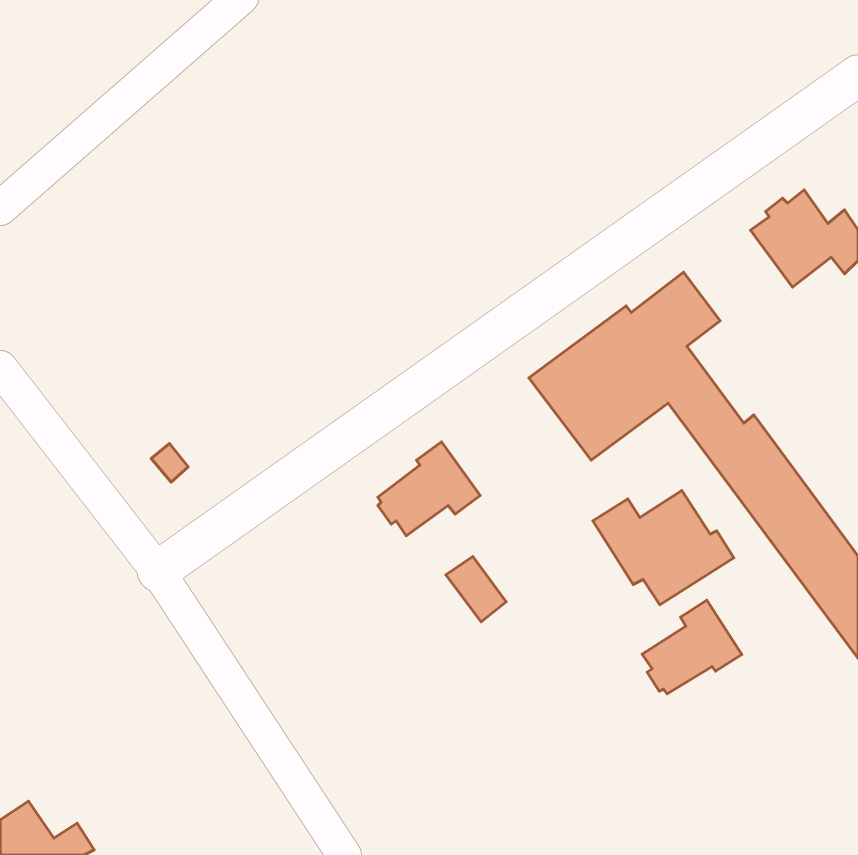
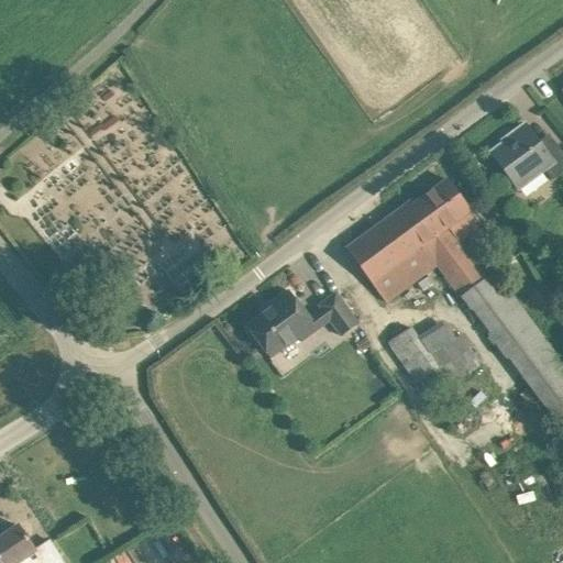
building: [446,556,506,622] -> [319,292,358,335]
building: [642,600,742,694] -> none

